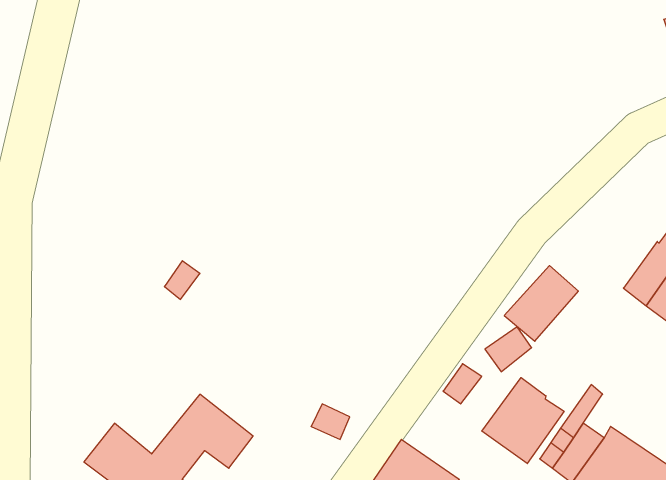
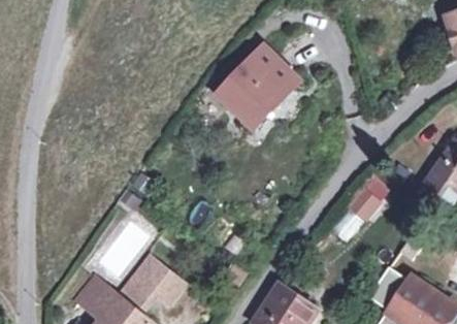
building: none -> [217,45,292,126]
building: [482,378,564,464] -> none

